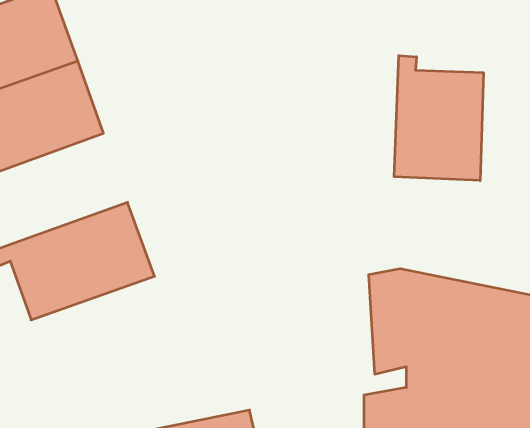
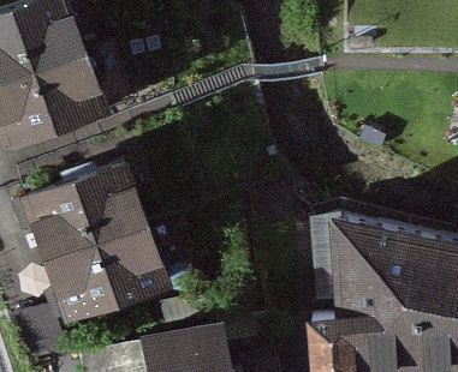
building: [394,56,483,181] -> none
building: none -> [48,224,167,323]

